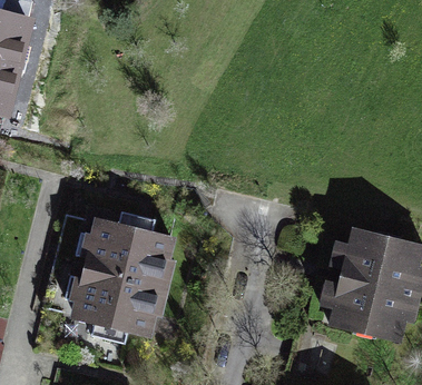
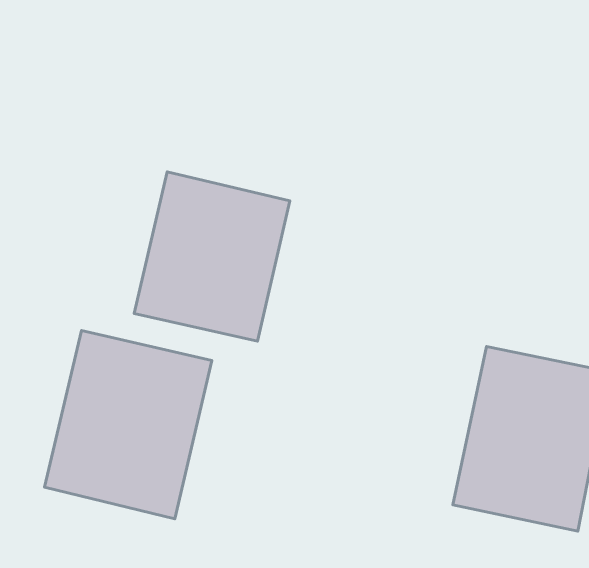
building: none -> [134,172,290,341]

